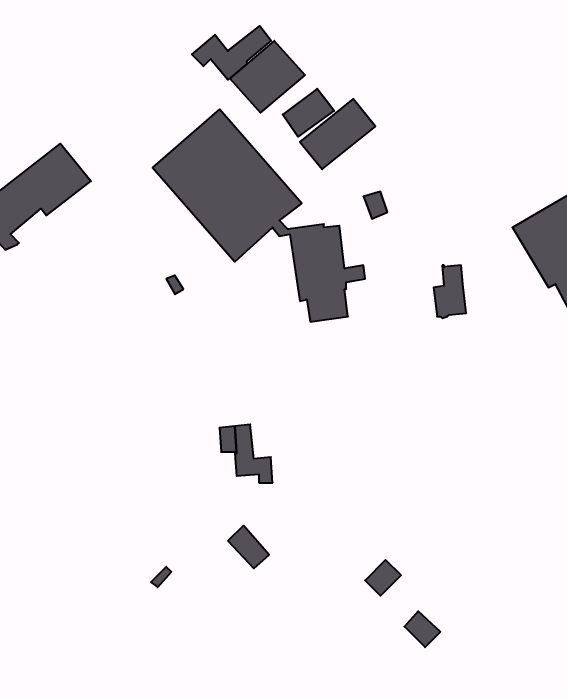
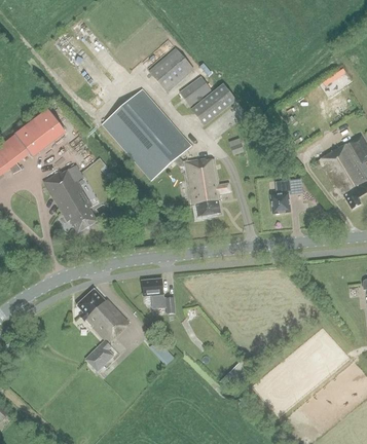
building: [192,26,271,80] -> none
building: none -> [44,163,97,230]
building: none -> [75,287,129,370]

